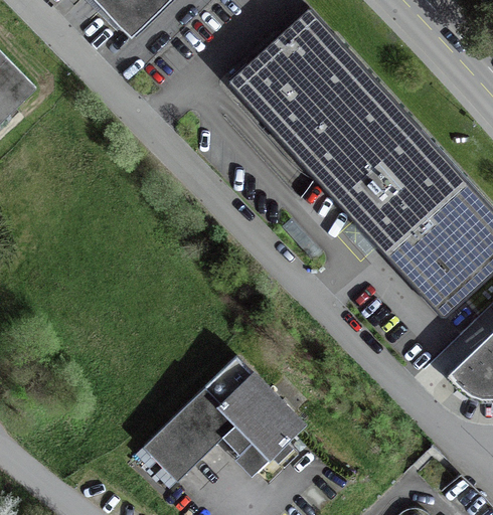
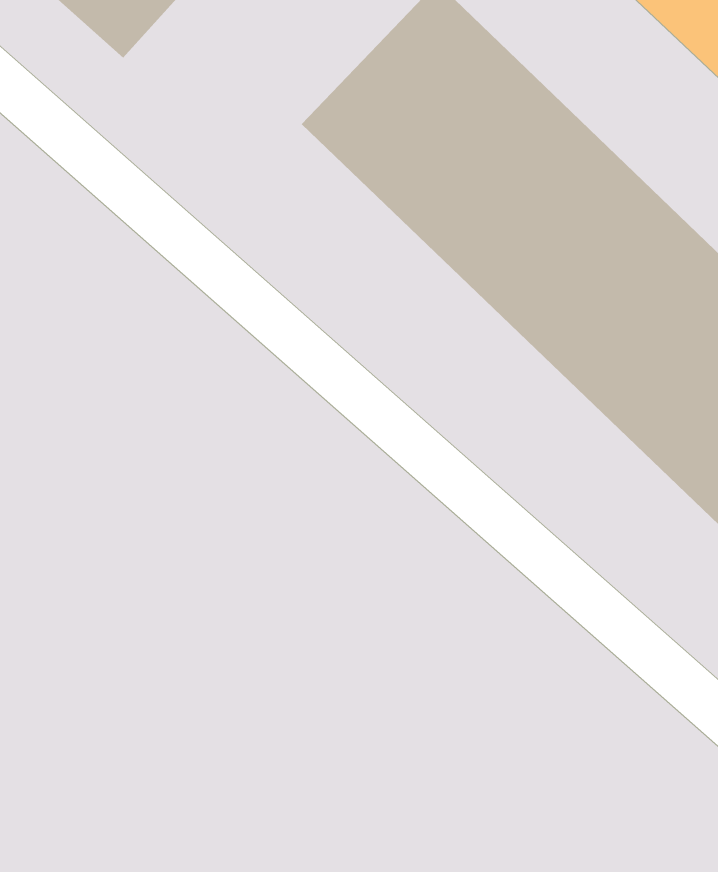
building: [143,357,303,483] -> none

